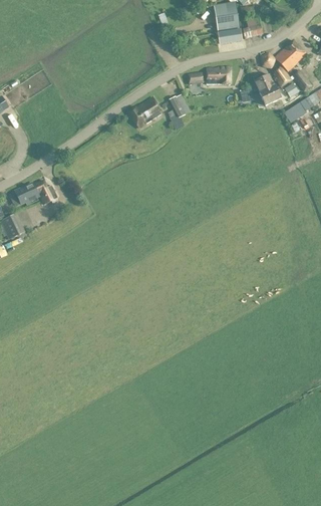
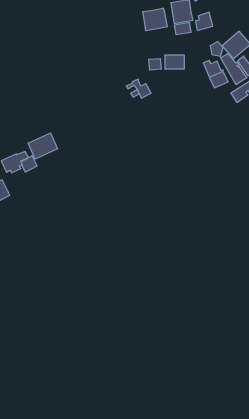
building: none -> [143,8,167,31]
building: [129,96,163,126] -> none
building: none -> [28,133,57,159]

